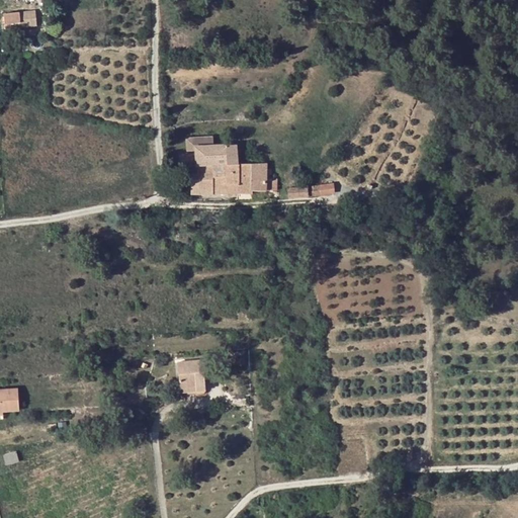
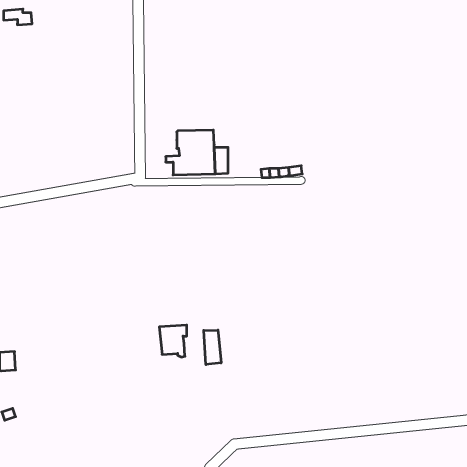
building: [252,163,277,190] -> none
building: none -> [204,330,221,365]

